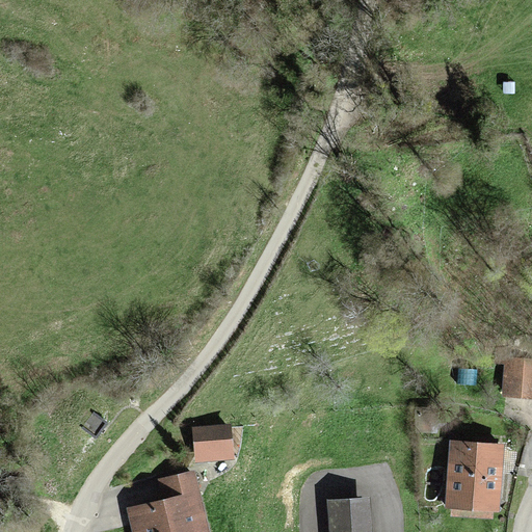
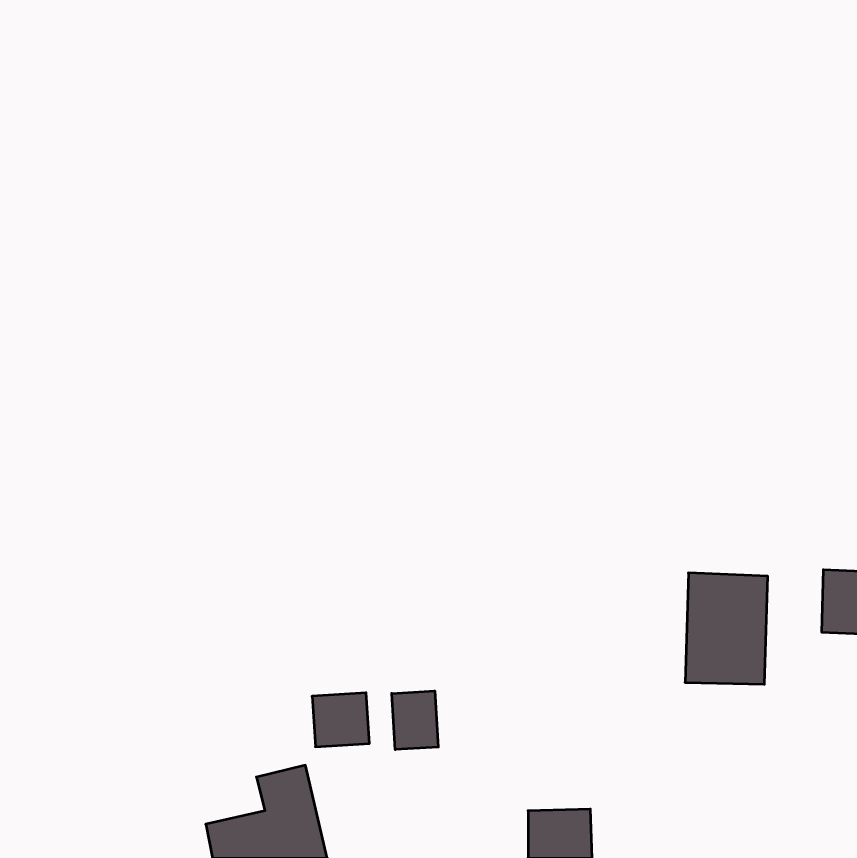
building: none -> [392,691,438,750]
building: [448,443,499,511] -> [685,573,768,684]

